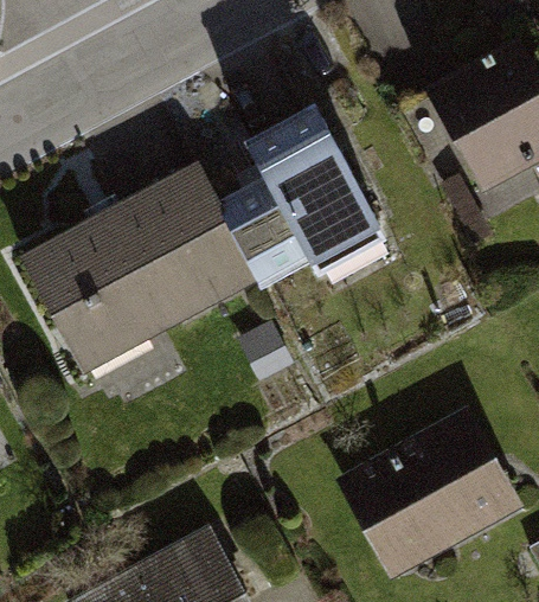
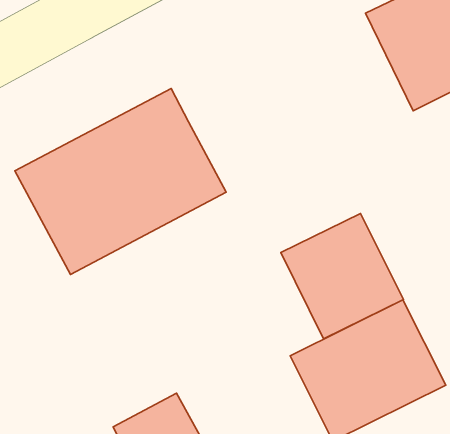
building: [222,105,386,284] -> none
building: none -> [281,213,403,339]

